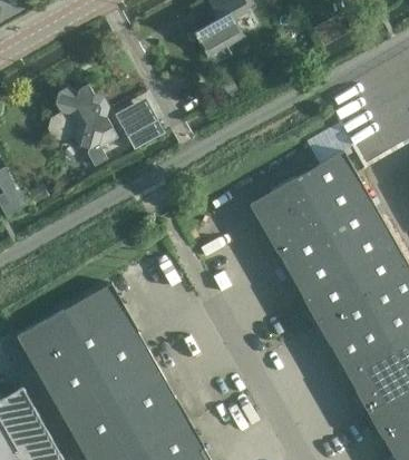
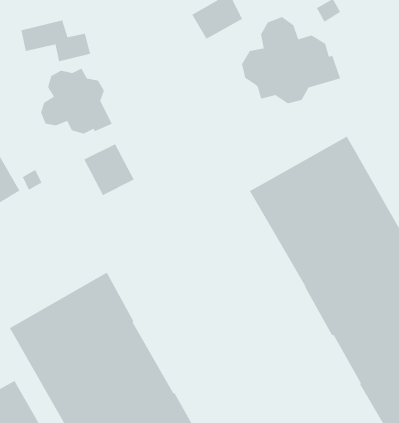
building: none -> [241,16,341,104]
building: none -> [21,20,91,62]
building: [114,98,164,149] -> [83,143,135,196]

